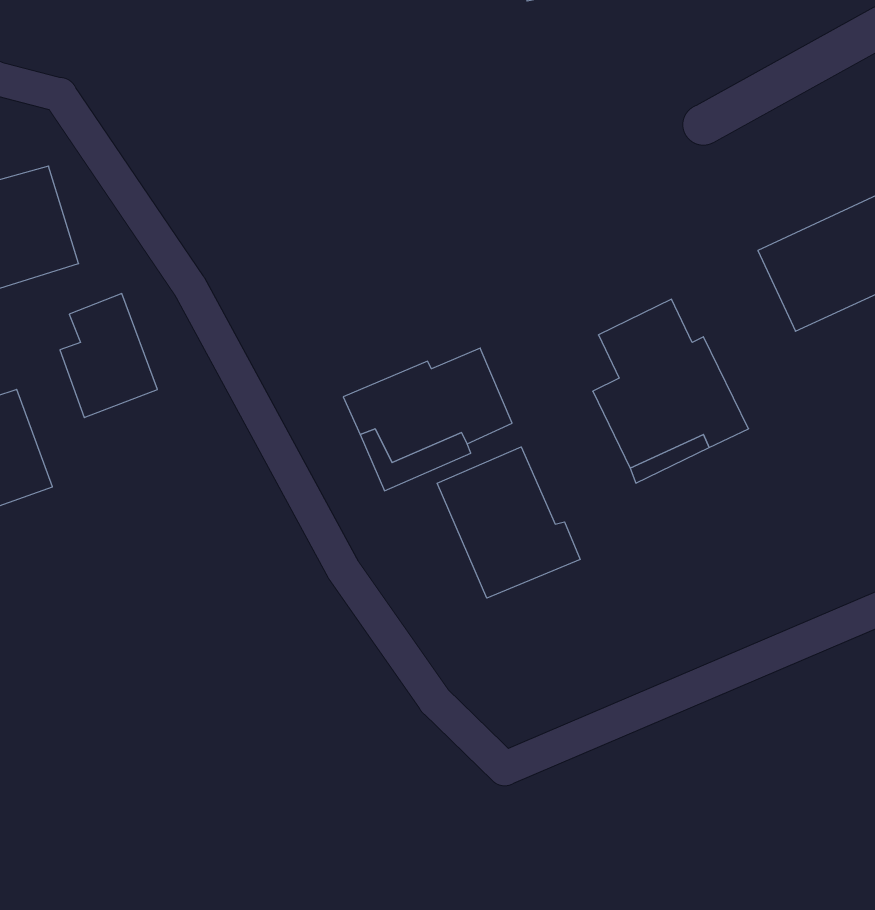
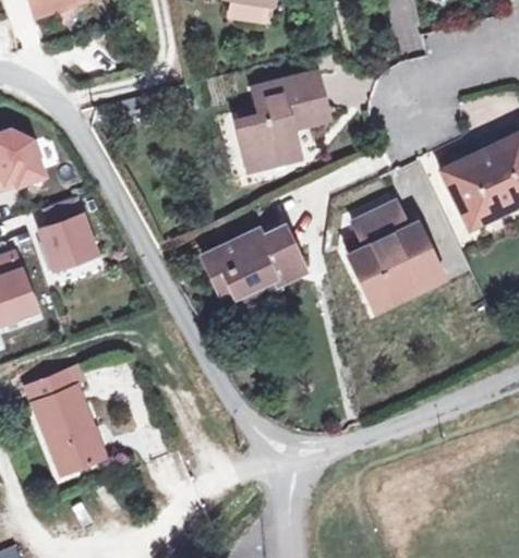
building: none -> [237,71,327,169]
building: [437,447,580,598] -> none
building: none -> [28,371,102,473]

